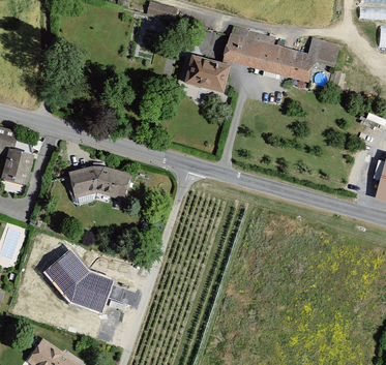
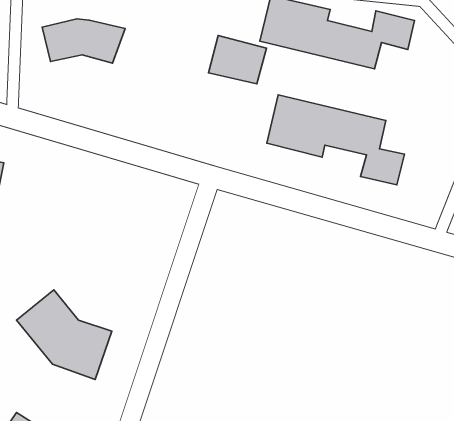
building: none -> [267,95,404,185]
building: [68,164,130,197] -> [42,19,125,63]

